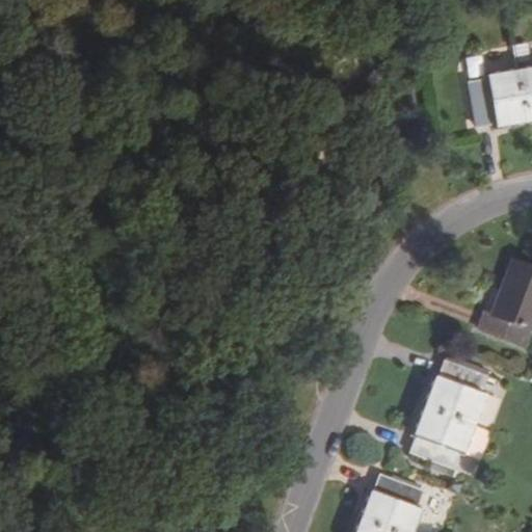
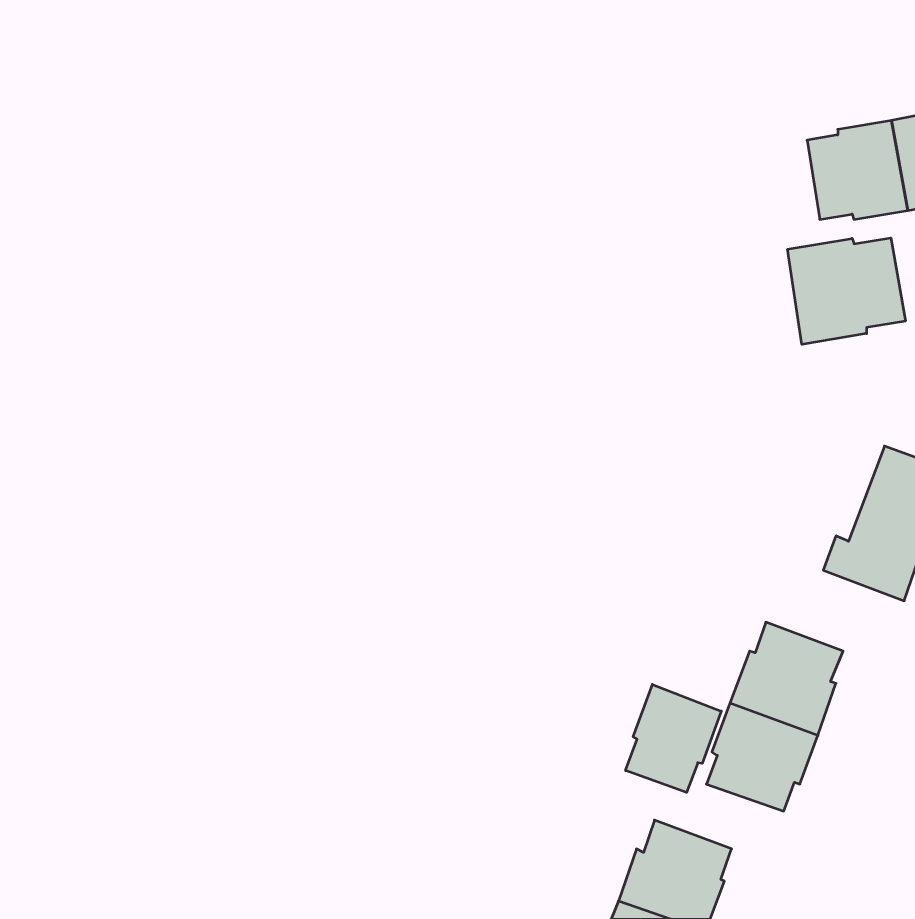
building: none -> [788,238,905,344]
building: none -> [626,684,721,792]

